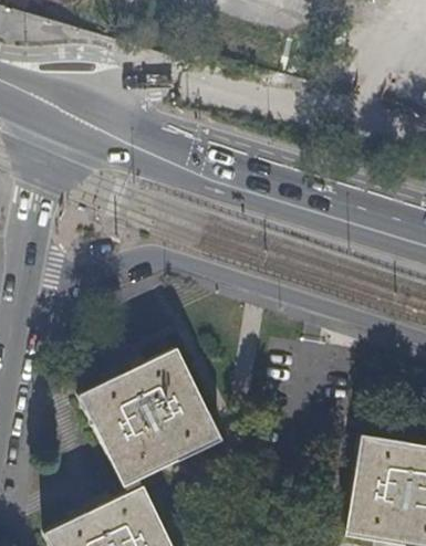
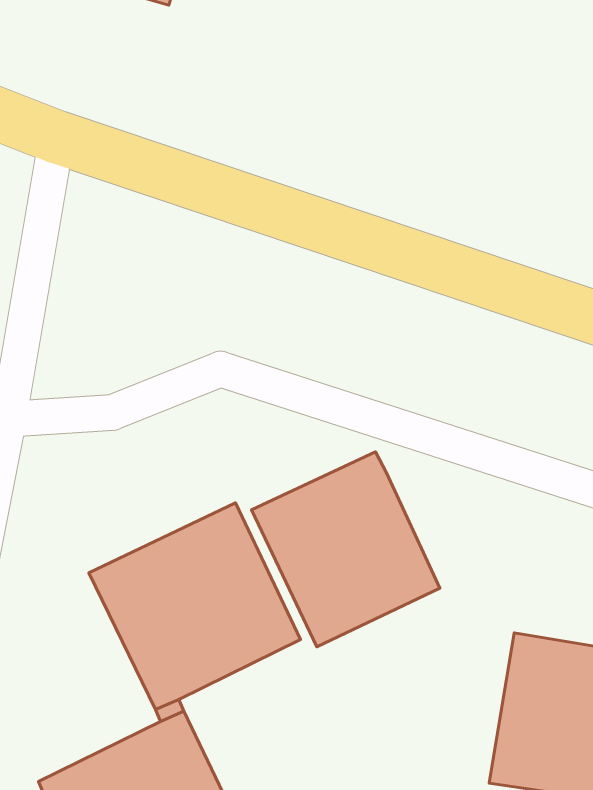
building: none -> [251,452,440,647]

